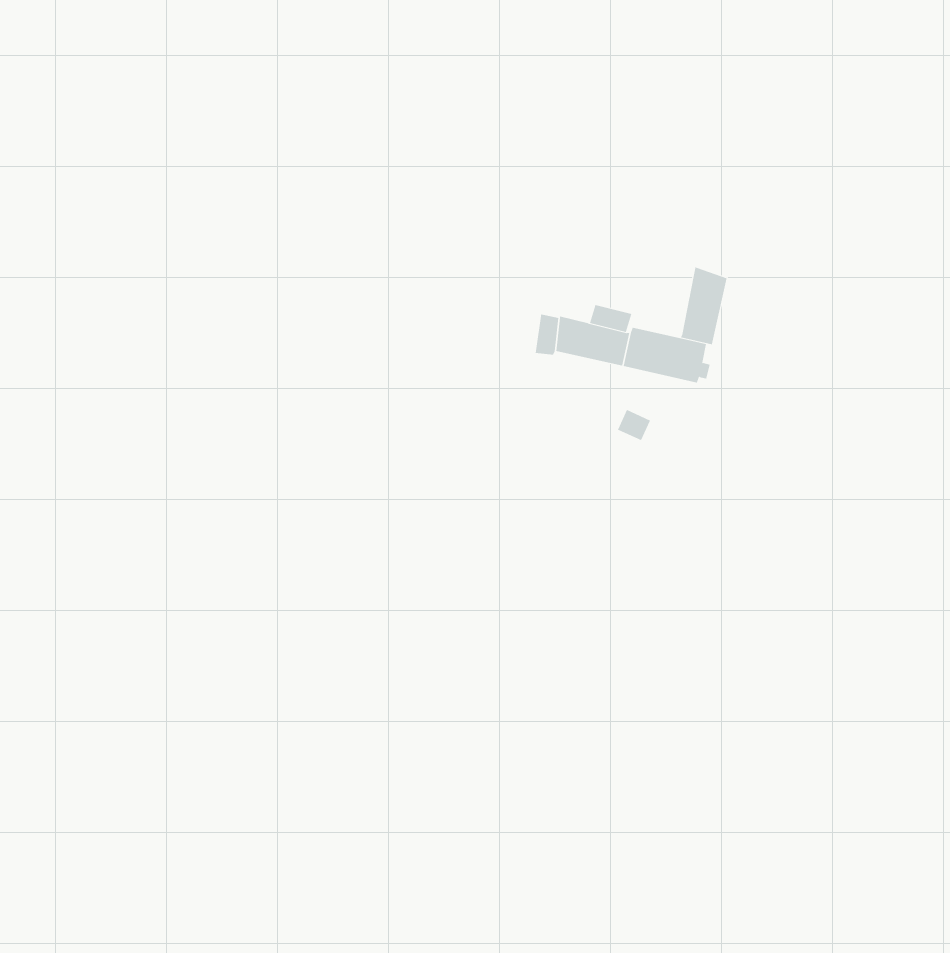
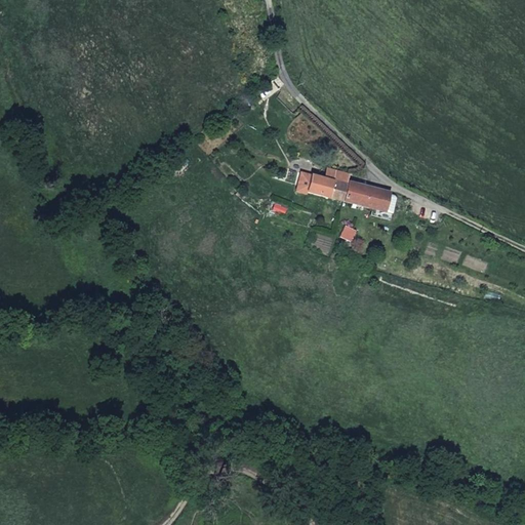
building: [680,266,727,345] -> none

